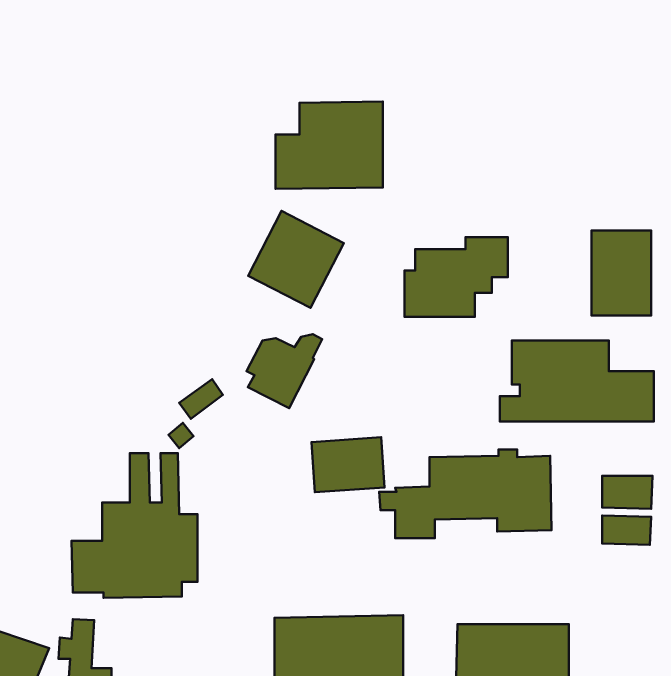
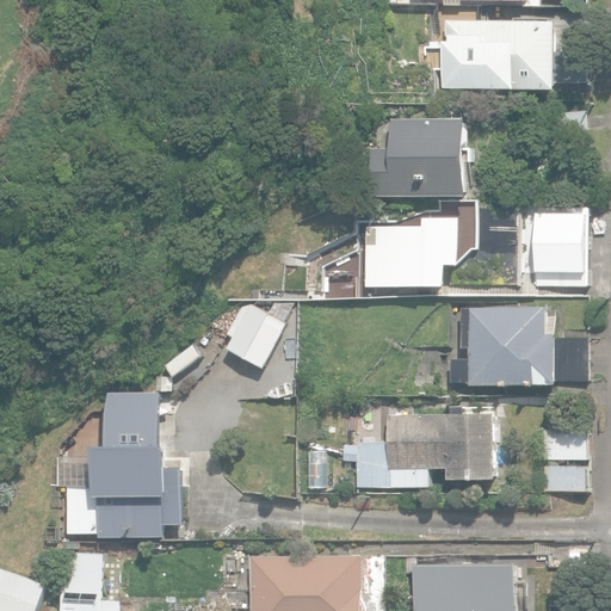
building: none -> [443,20,586,90]
building: [276,101,383,189] -> [370,118,467,197]
building: [248,211,344,308] -> none
building: [311,437,384,492] -> none

